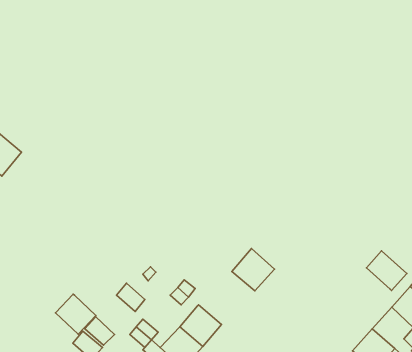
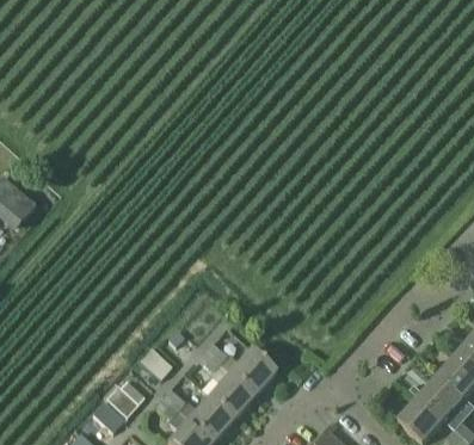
building: [232,248,274,291] -> [229,346,276,393]
building: [366,251,407,290] -> none
building: [56,294,96,334] -> none

